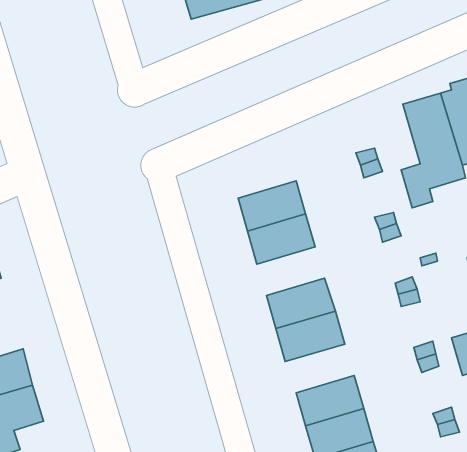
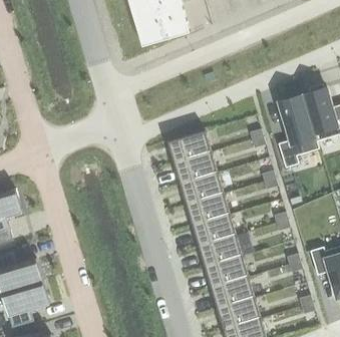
building: none -> [167,130,211,161]
building: none -> [186,193,229,224]
building: none -> [204,255,248,286]

